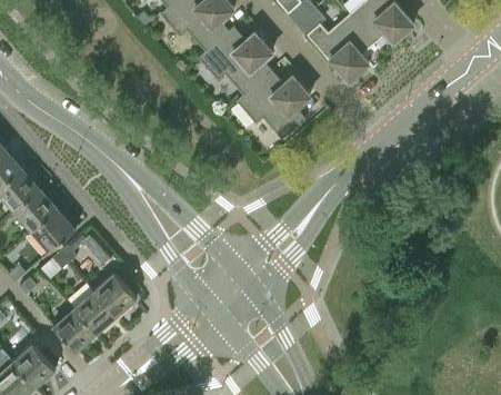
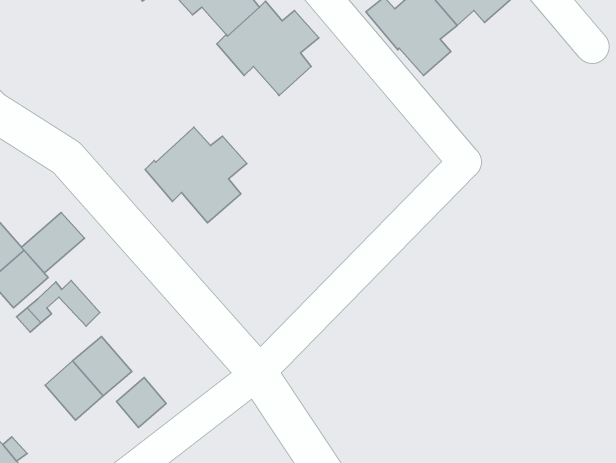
building: [236,70,310,140] -> [145,127,247,223]
building: none -> [21,213,84,273]
building: none -> [116,377,166,427]
building: [52,308,94,352] -> none

